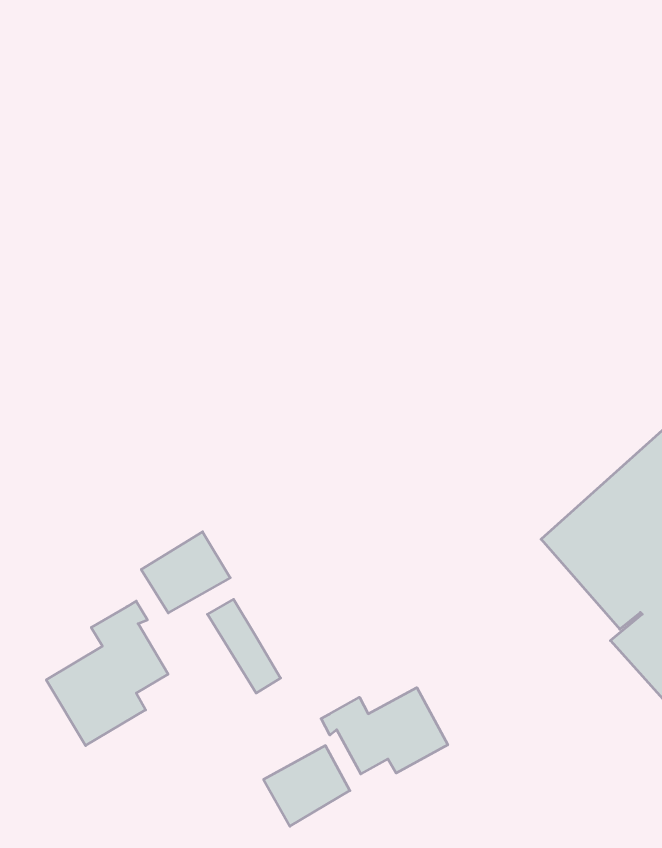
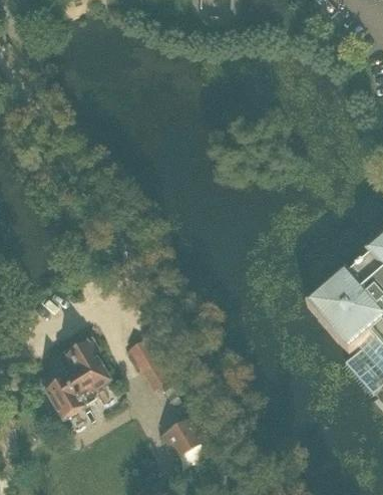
building: [141,532,230,613] -> none
building: [321,688,448,774] -> none

